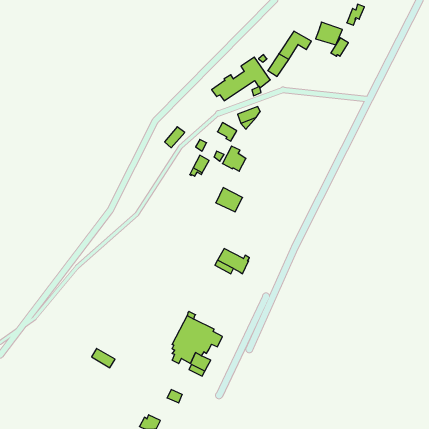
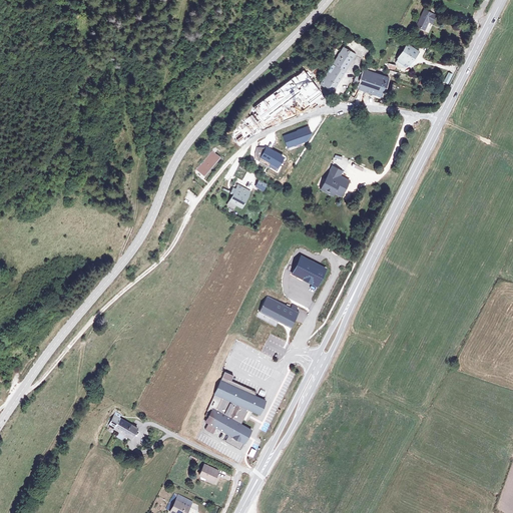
building: [316,22,342,45] -> [357,69,389,96]
building: [222,146,246,171] -> [322,167,350,197]
building: [216,188,243,212] -> [292,255,324,285]

